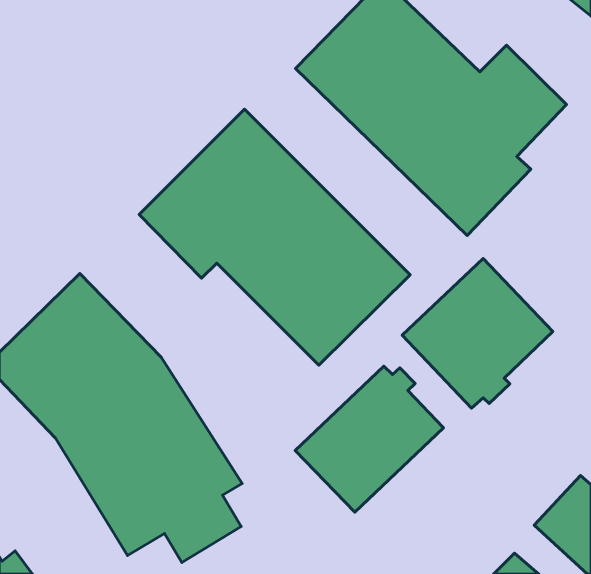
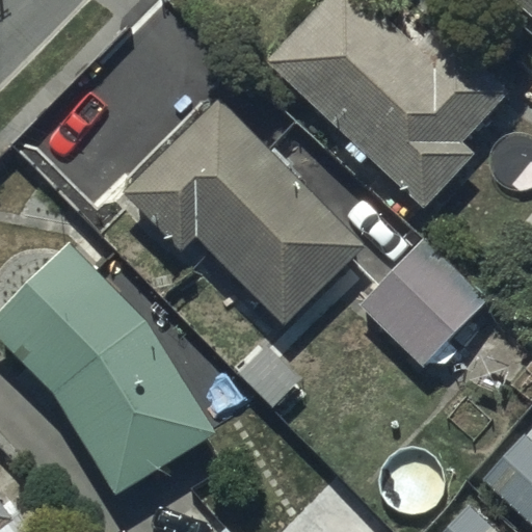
building: [295,366,444,512] -> none

